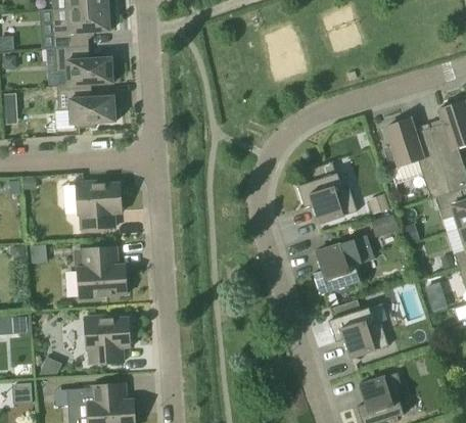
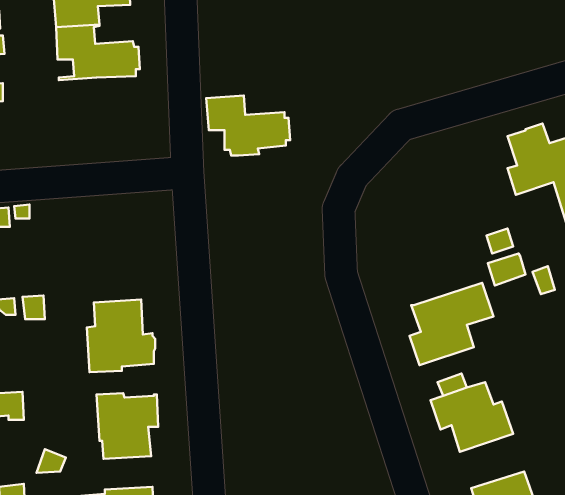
building: [56,85,118,129] -> [206,95,290,155]
building: [297,161,357,224] -> none
building: [76,181,122,229] -> none

